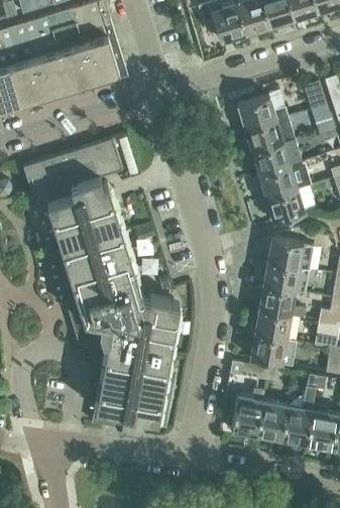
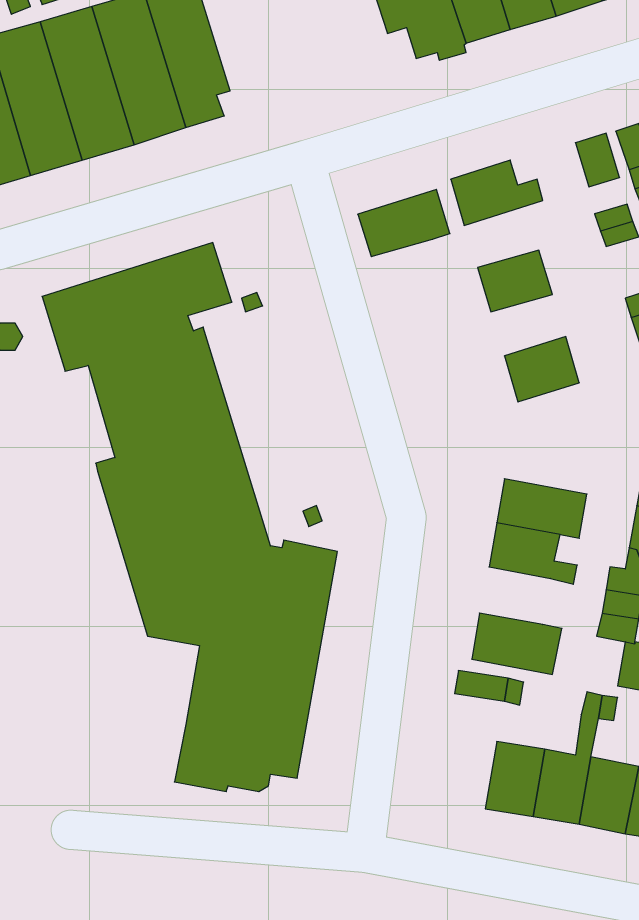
building: [246,117,295,152] -> [358,189,450,257]
building: [260,166,300,199] -> none
building: [266,238,316,271] -> none
building: [254,309,292,340] -> none
building: [232,388,265,436] -> none

